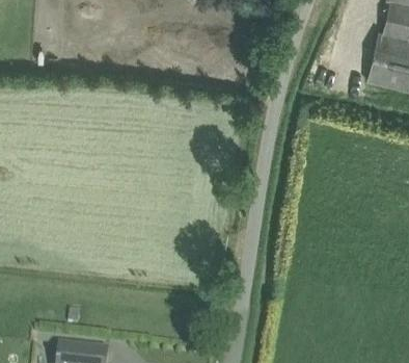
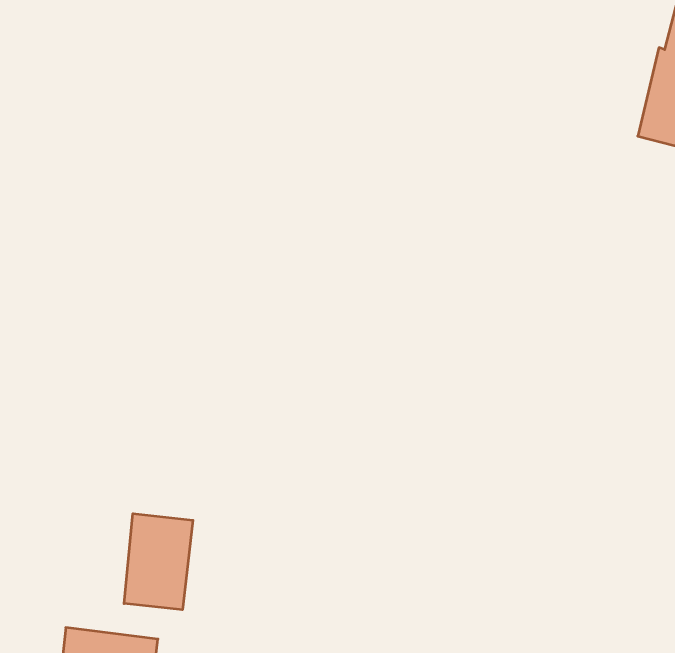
building: none -> [124,514,193,610]

